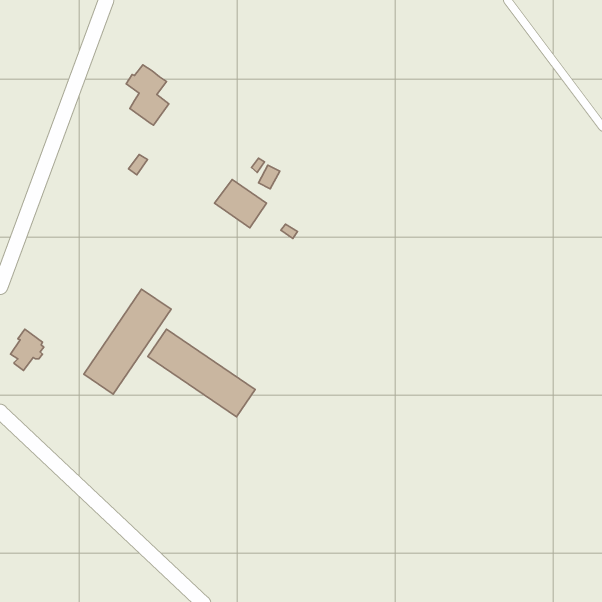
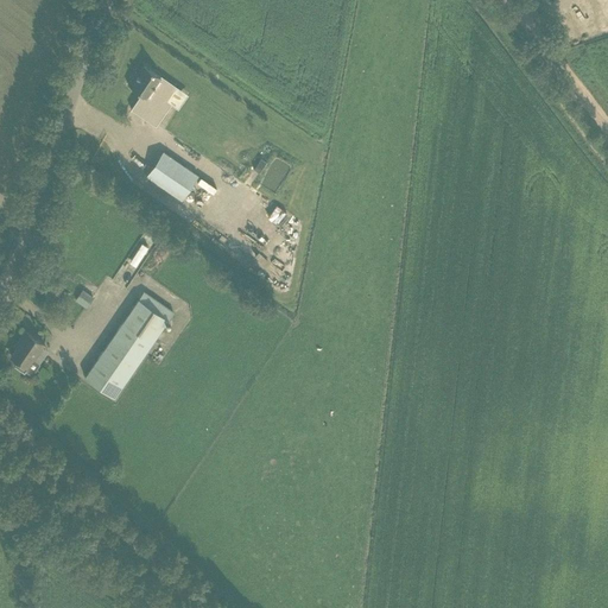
building: [214,179,266,228] -> [146,153,198,202]
building: [148,329,255,417] -> none

